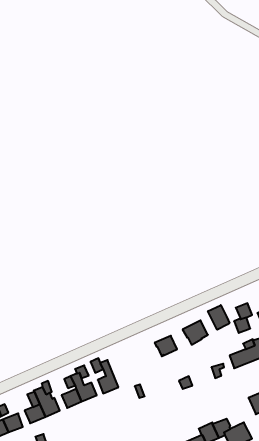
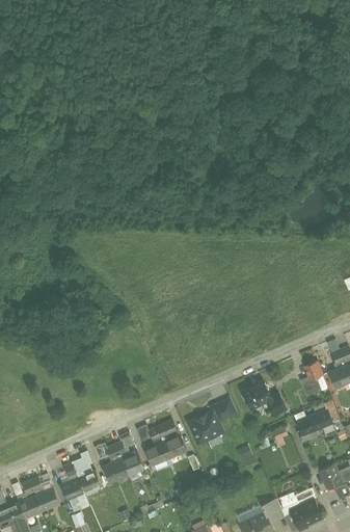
building: [208,305,229,330] -> none
building: none -> [188,410,222,443]
building: none -> [156,420,186,457]

